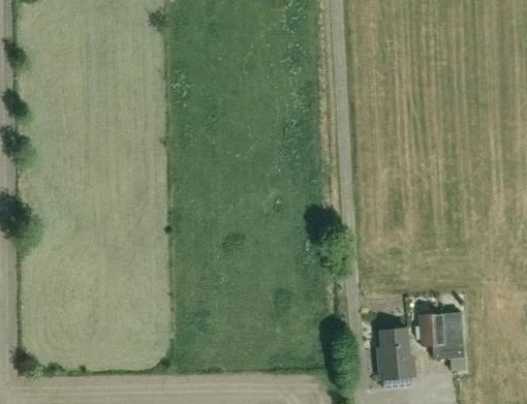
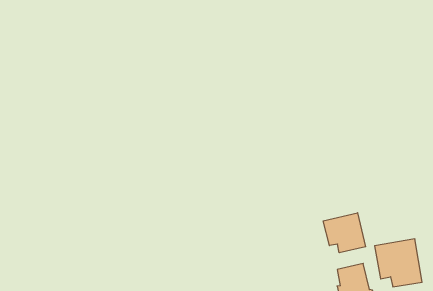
building: none -> [323,213,366,253]

